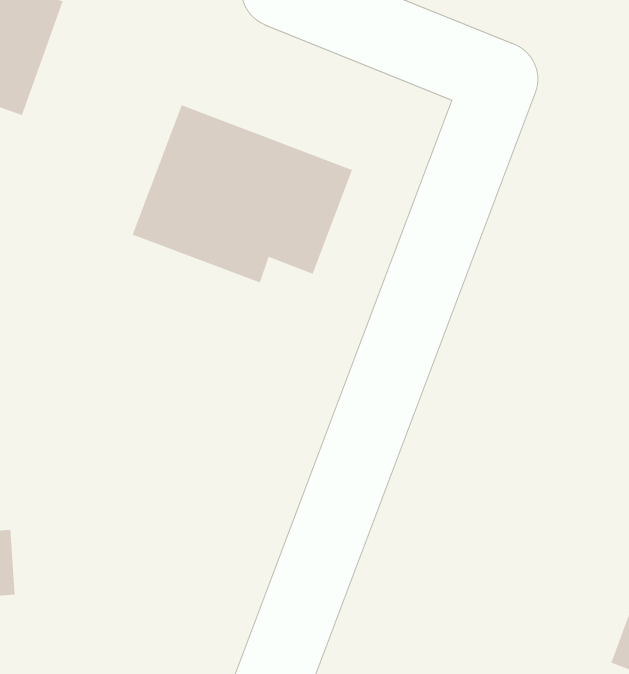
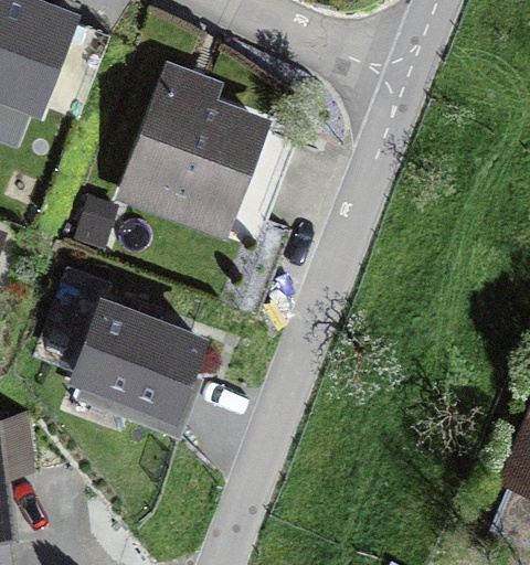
building: none -> [76,303,197,430]

